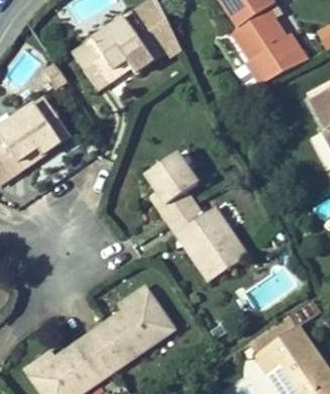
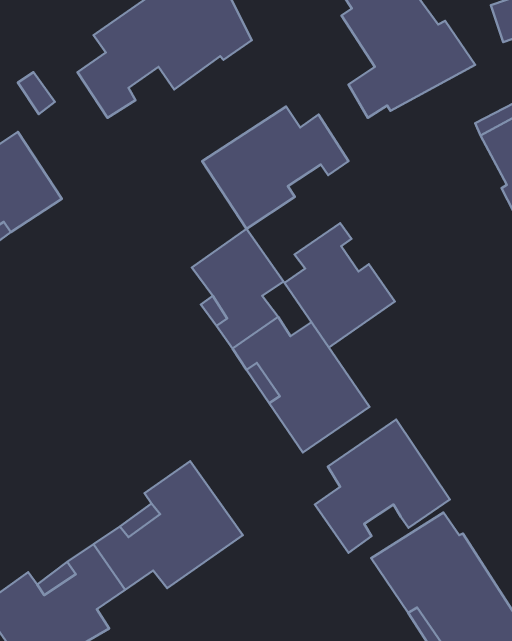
building: none -> [202,106,349,229]
building: none -> [285,223,395,347]
building: none -> [315,420,450,553]

